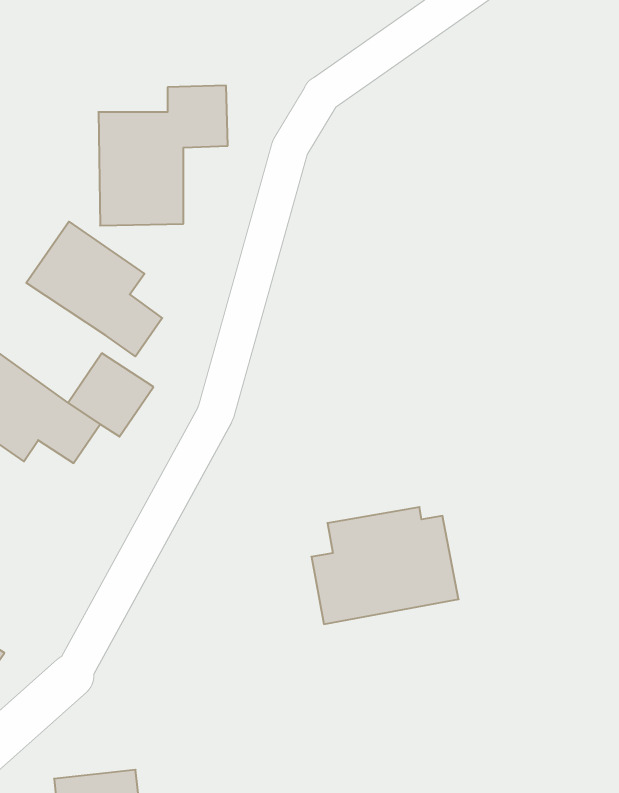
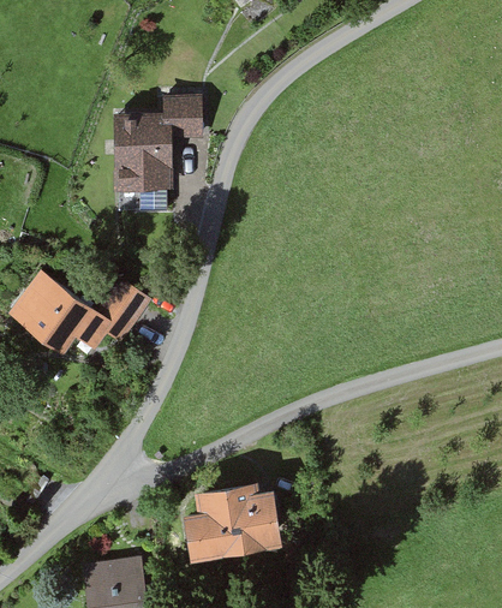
building: [26,222,162,356] -> none
building: [311,507,459,624] -> [184,485,283,565]

